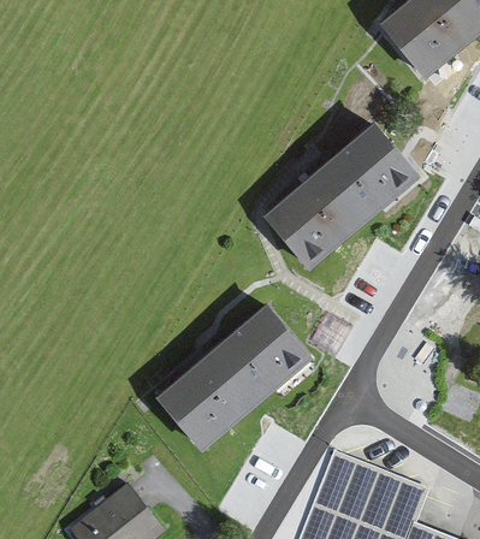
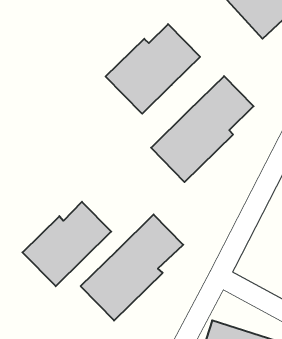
building: none -> [106,24,200,114]
building: none -> [22,202,111,286]

